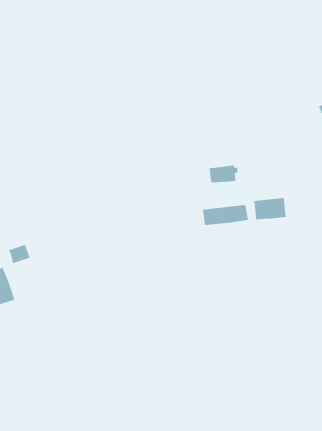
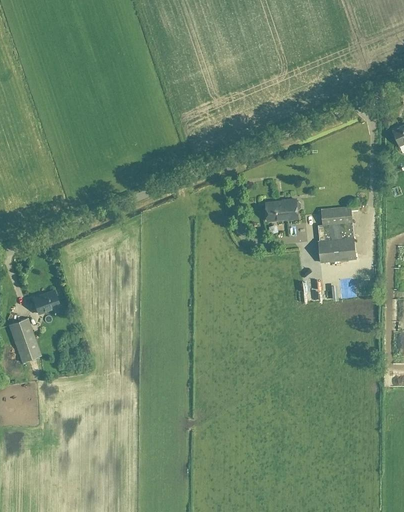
building: none -> [320,207,351,226]
building: [202,204,249,226] -> none

